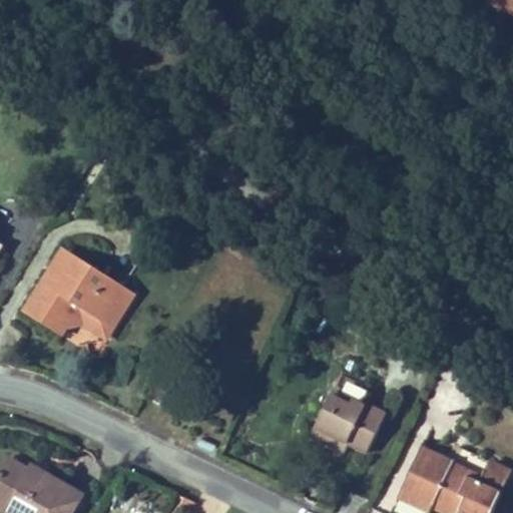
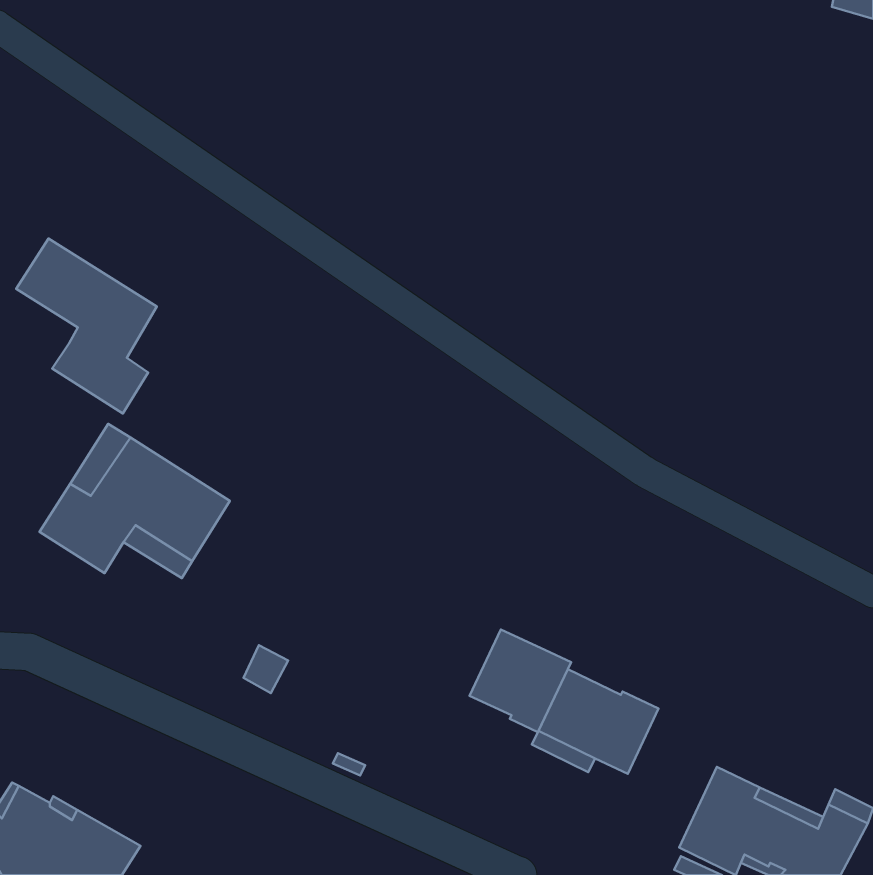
building: none -> [16,238,157,413]
building: none -> [469,630,571,732]

